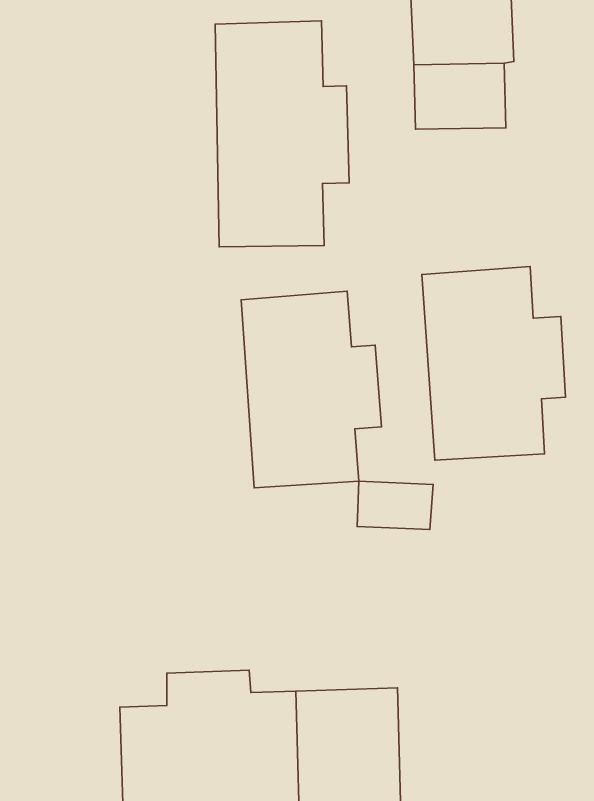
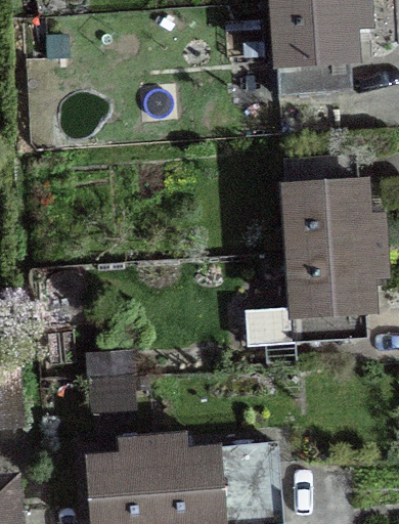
building: [215,21,349,247] -> none
building: [241,291,381,488] -> none

